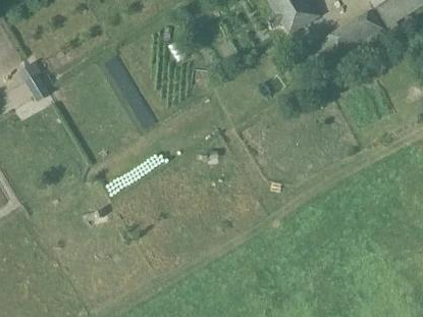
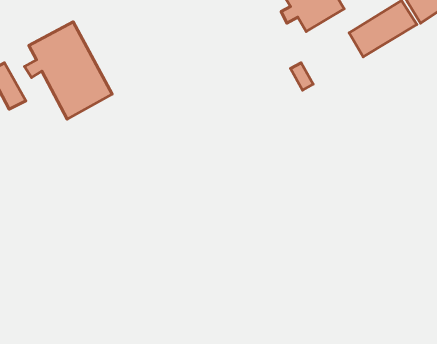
building: none -> [24,22,112,119]

